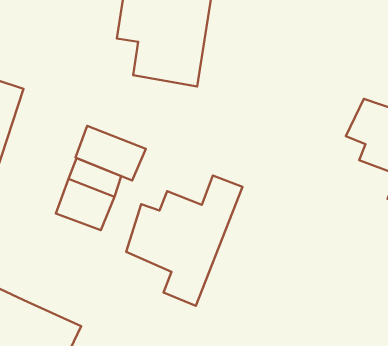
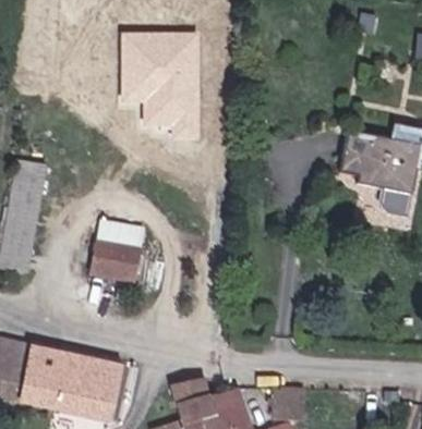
building: [76,126,146,180] -> none
building: [126,175,243,306] -> none

